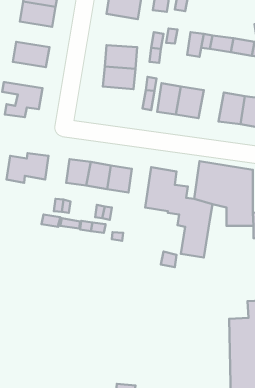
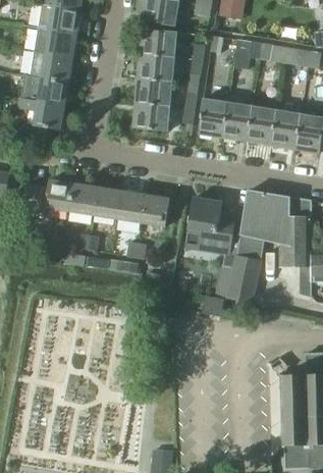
building: none -> [35,28,76,57]
building: none -> [140,30,177,57]
building: none -> [21,73,69,105]
building: none -> [133,103,171,129]
building: none -> [247,107,276,144]
building: none -> [68,183,97,215]

